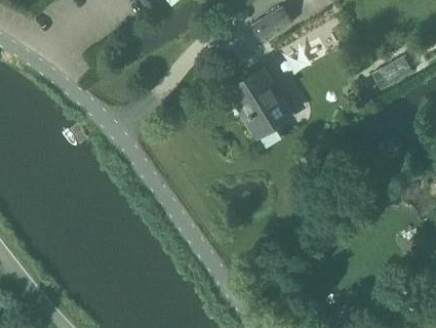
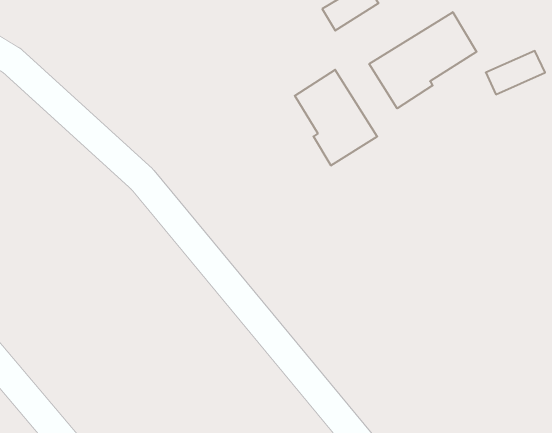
building: none -> [369,12,477,108]

